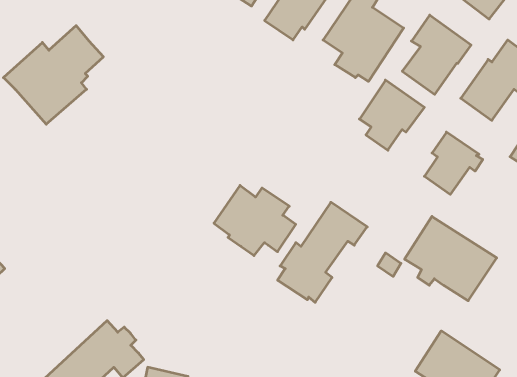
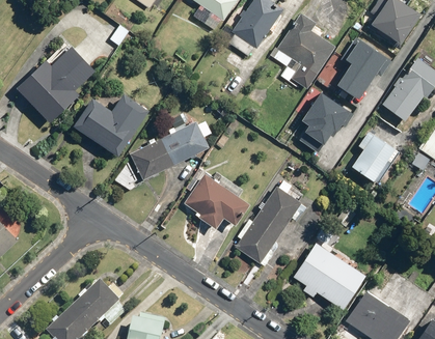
building: none -> [73,92,149,156]
building: none -> [129,120,210,182]
building: [405,216,497,301] -> [293,243,366,310]

